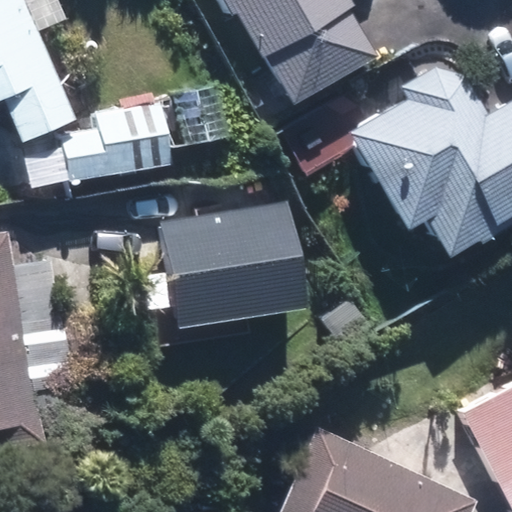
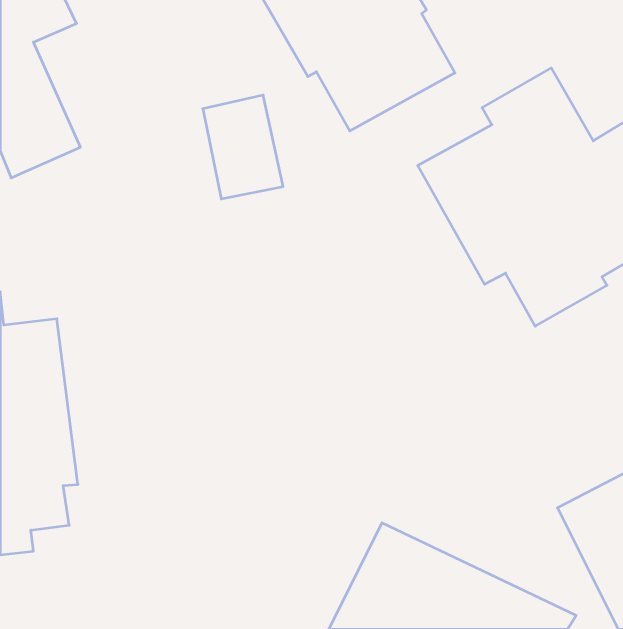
building: [57,97,179,186] -> none
building: [144,202,300,345] -> none

